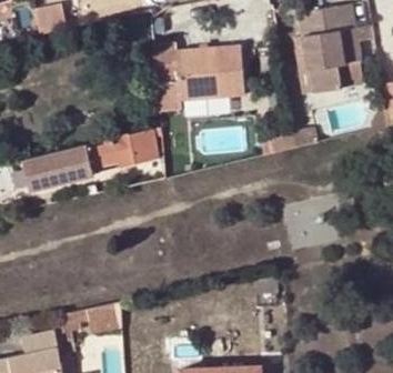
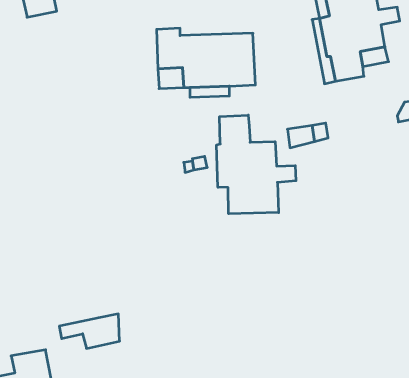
building: none -> [217,115,296,214]
building: [21,125,160,189] -> none

